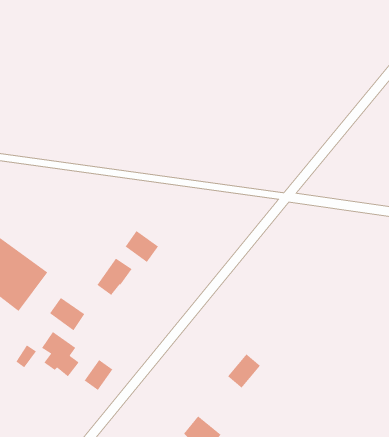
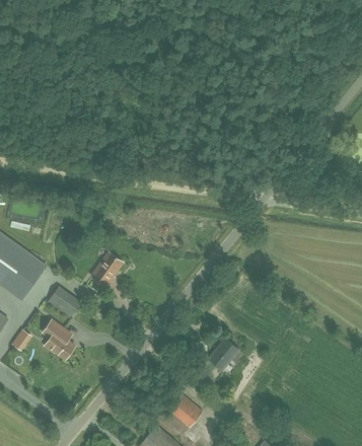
building: [125,230,159,263] -> none
building: [84,359,113,391] -> none

